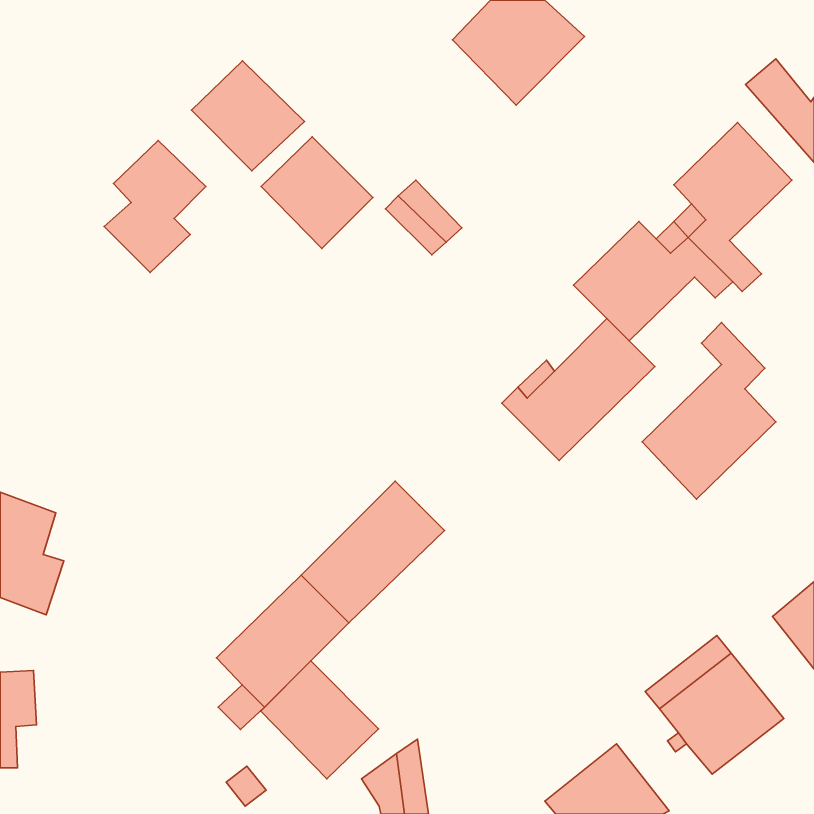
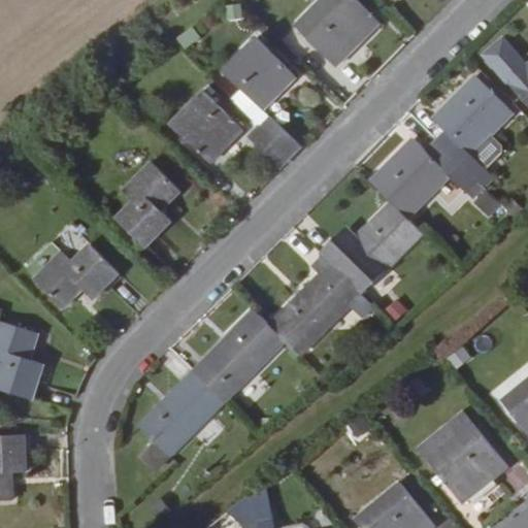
building: [191,61,304,171] -> [221,37,294,108]
building: [104,140,206,273] -> [113,160,179,245]
building: [642,322,776,499] -> none
building: none -> [31,243,117,307]
building: none -> [271,261,362,358]
building: [261,661,379,779] -> none

